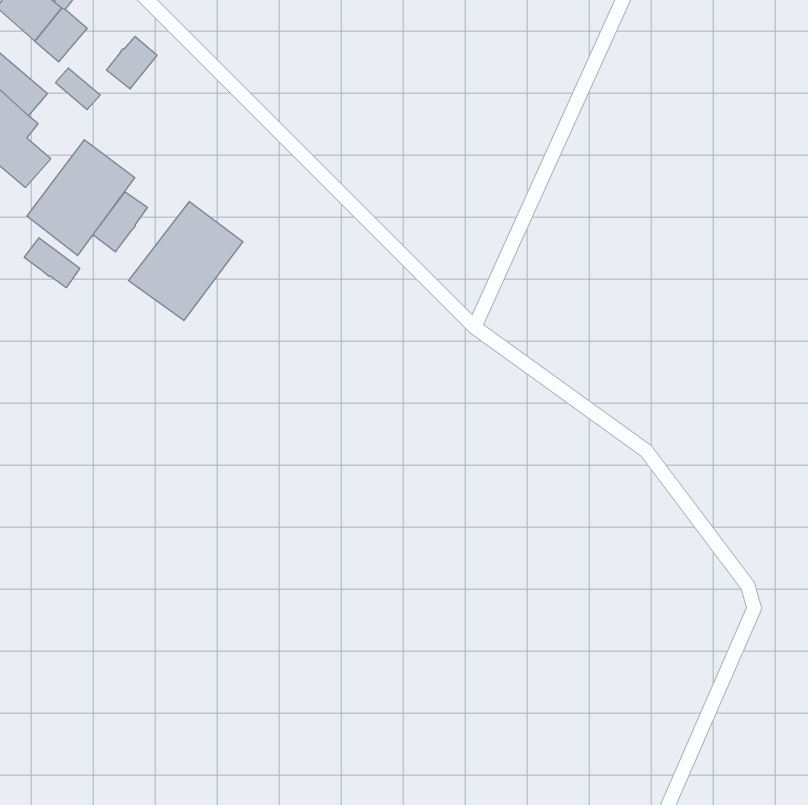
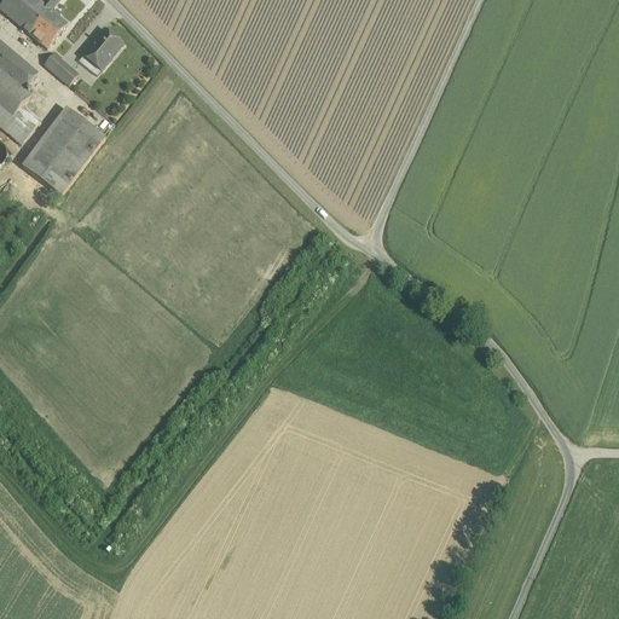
building: [93,192,147,252] -> none
building: [129,201,243,321] -> none
building: [24,238,80,288] -> none

